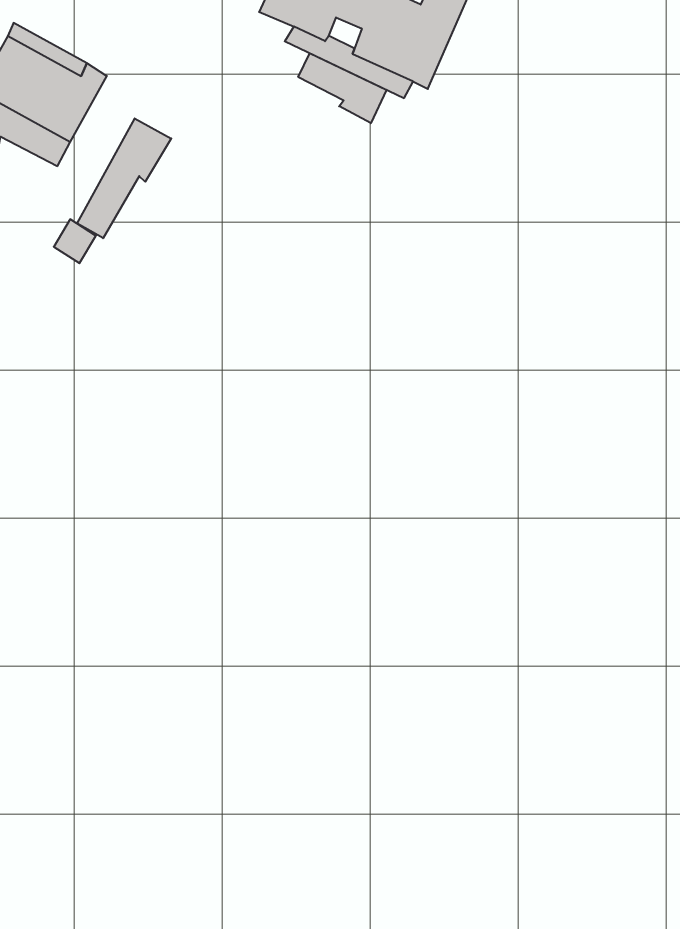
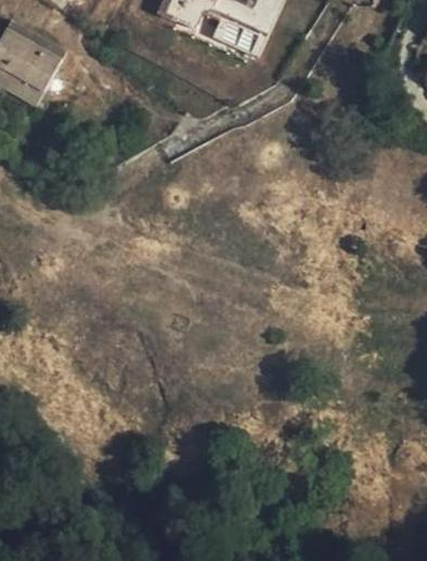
building: [298,53,386,123] -> none
building: [77,118,171,238] -> none

